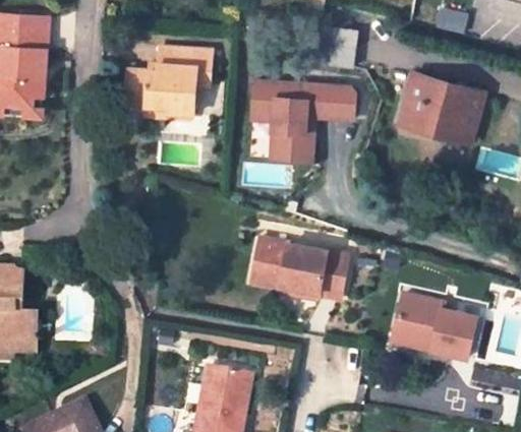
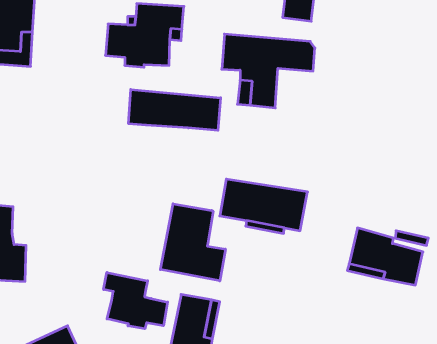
building: [399,77,481,142] -> none
building: none -> [129,89,221,130]
building: none -> [160,204,225,281]
building: none -> [104,272,168,329]

